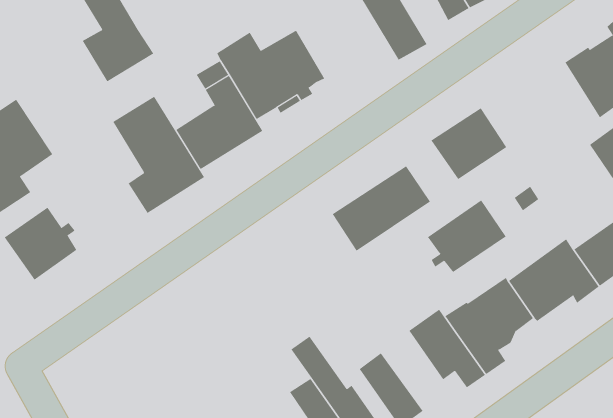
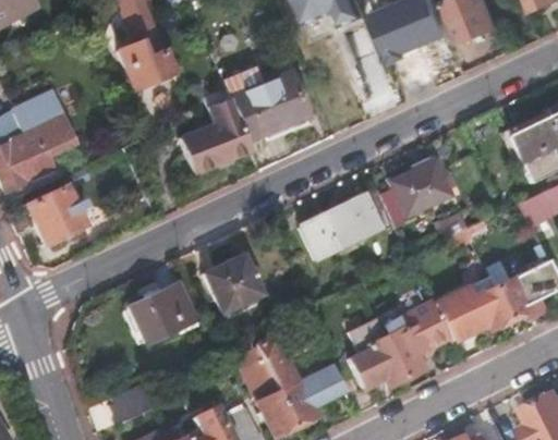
building: [113,96,205,214] -> none
building: [427,200,506,273] -> none
building: none -> [204,255,259,310]
building: none -> [129,281,196,341]

